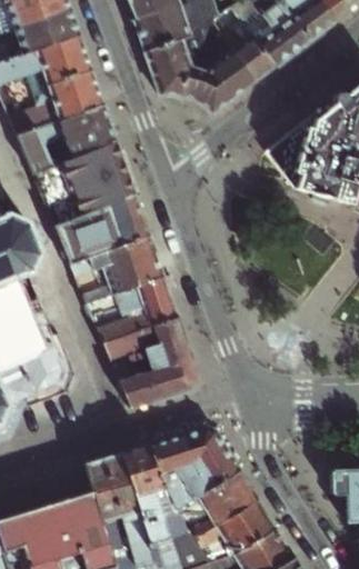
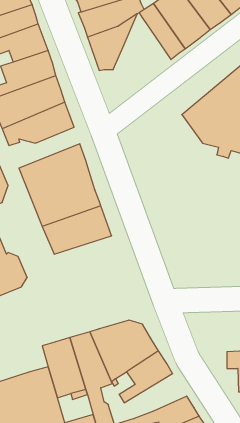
building: [180,33,257,113] -> none
building: [41,172,136,227] -> none
building: [101,317,199,406] -> none
building: [195,500,278,560] -> none

